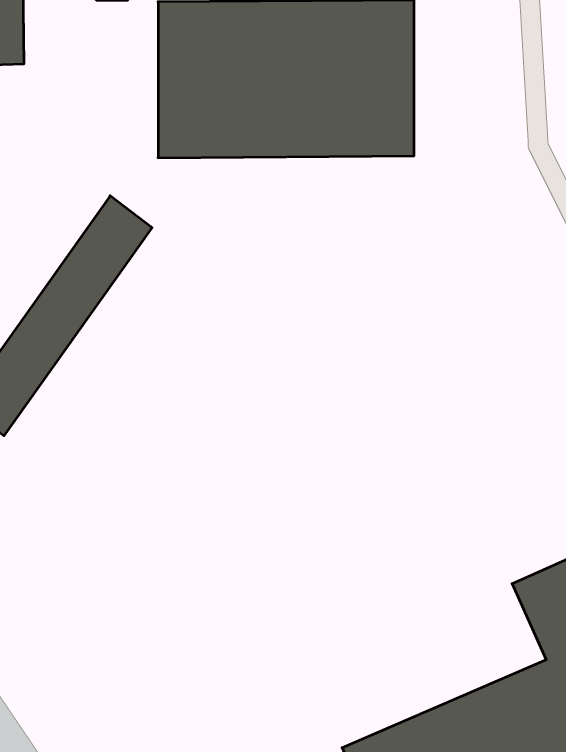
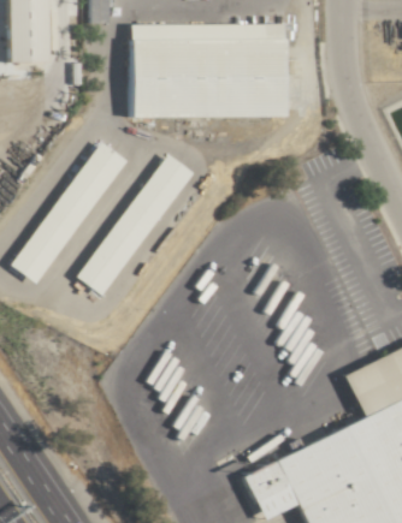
building: none -> [79,153,193,297]

